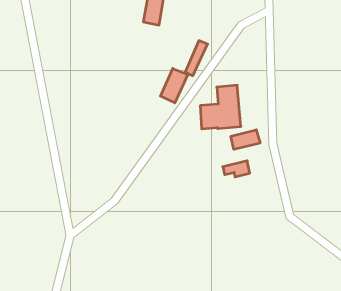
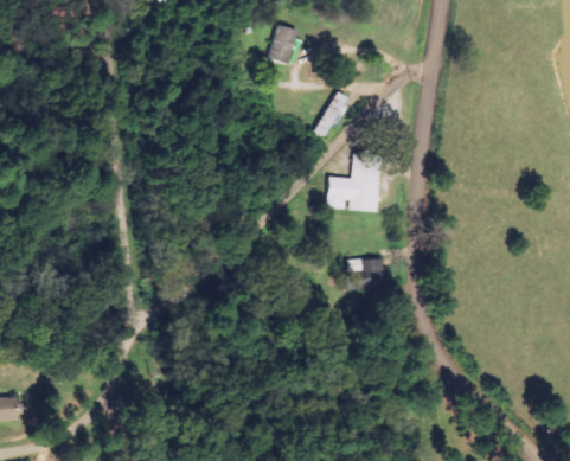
building: [160,68,188,103] -> none
building: [231,130,260,149] -> none

